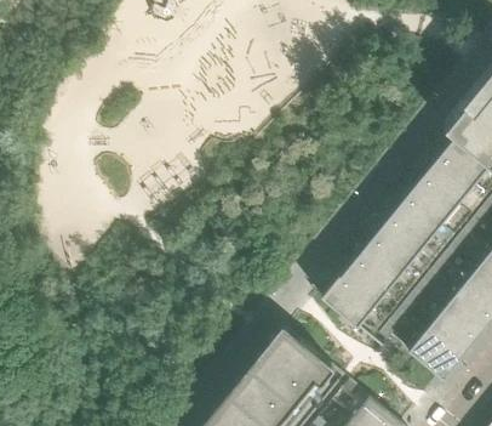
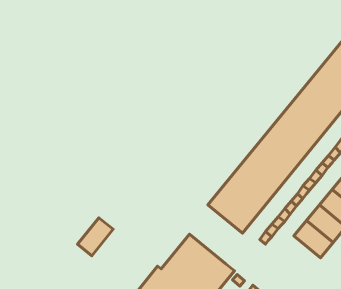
building: none -> [78,218,113,256]
building: [407,331,459,381] -> none

